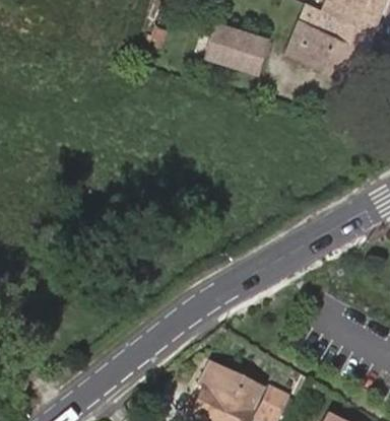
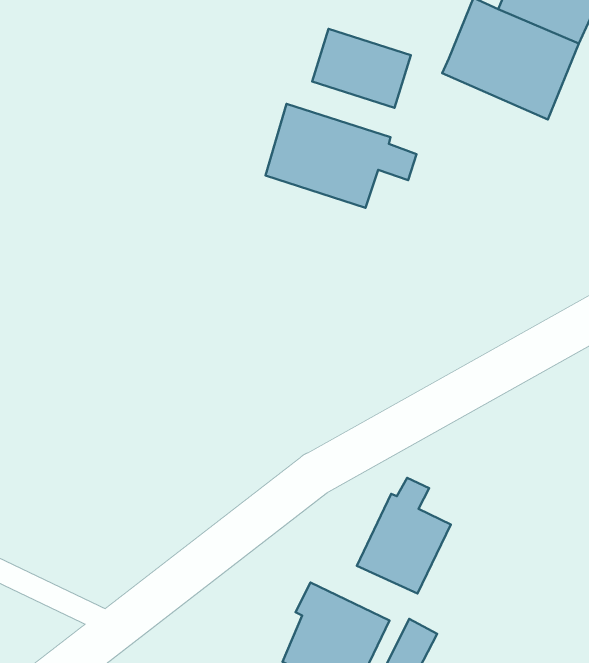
building: none -> [266,104,416,208]
building: none -> [357,478,451,593]

